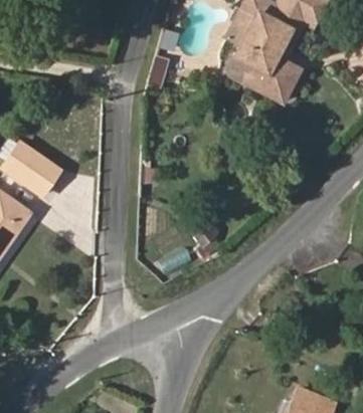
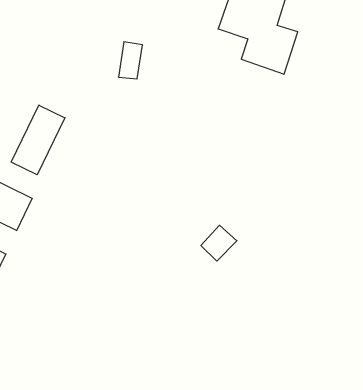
building: none -> [11,105,65,175]

